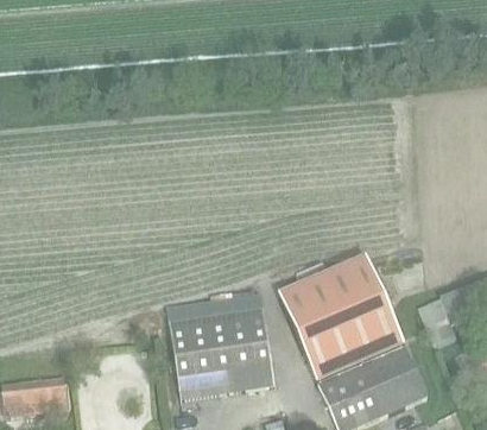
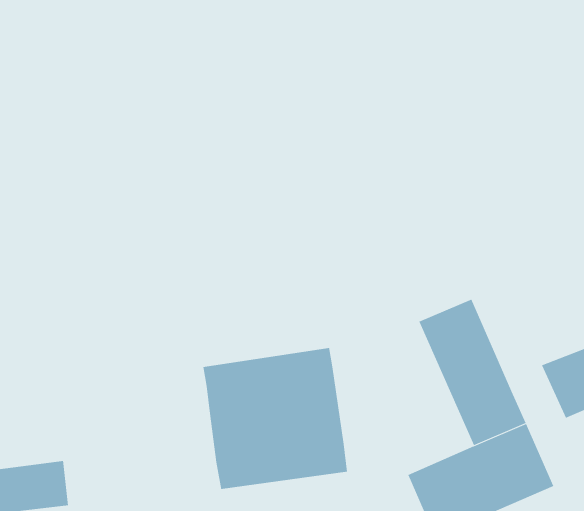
building: [282,274,368,387] -> none

